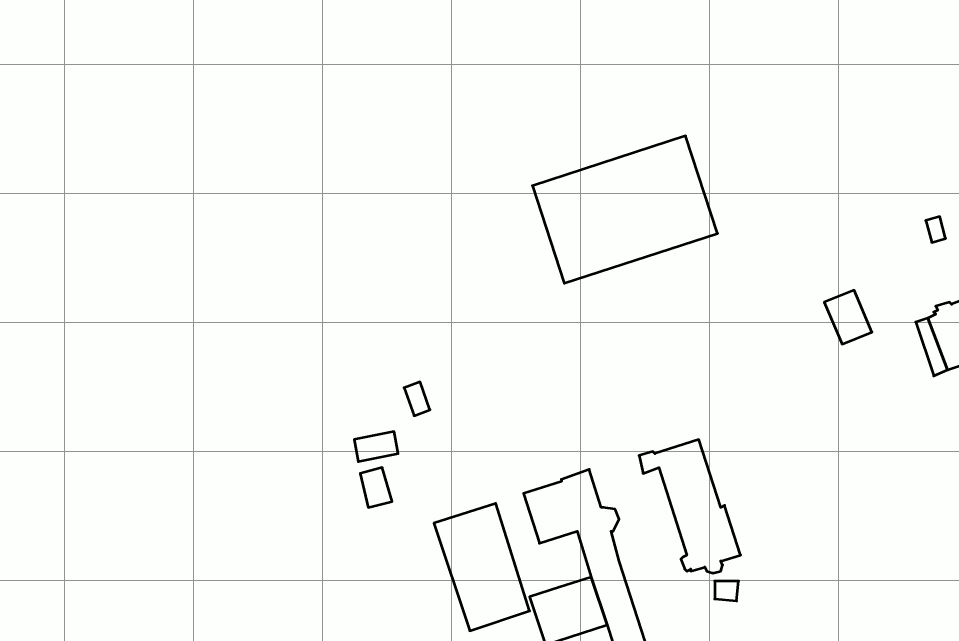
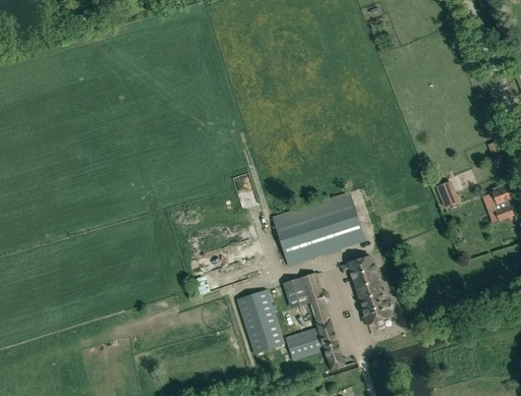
building: [532,136,718,283] -> [272,190,366,266]

